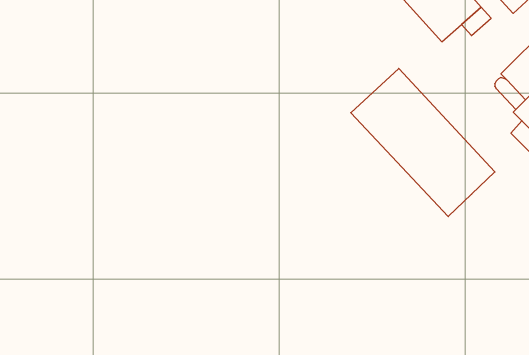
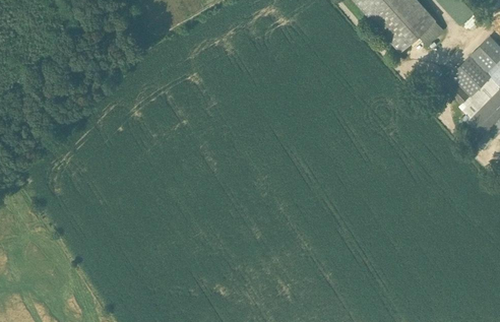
building: [351,68,495,217] -> none

